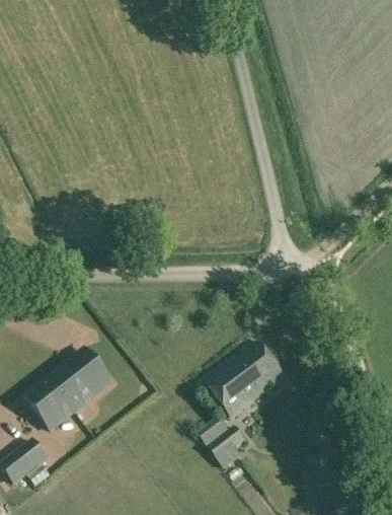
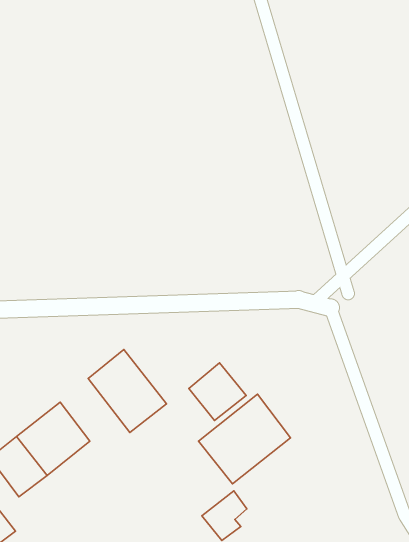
building: none -> [88,349,167,433]
building: none -> [189,363,246,421]

